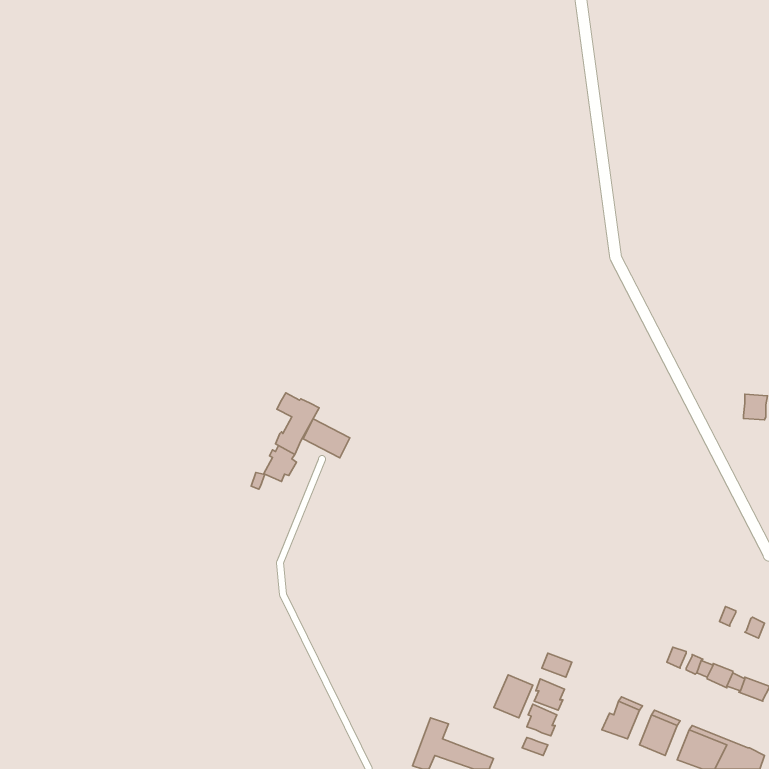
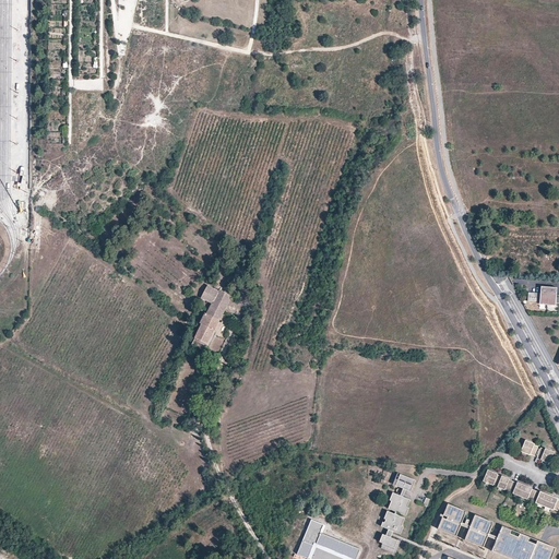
building: [303,419,350,458] -> none
building: [494,675,533,718] -> none

